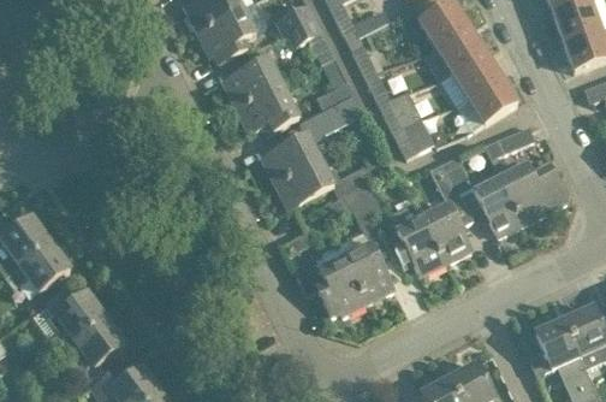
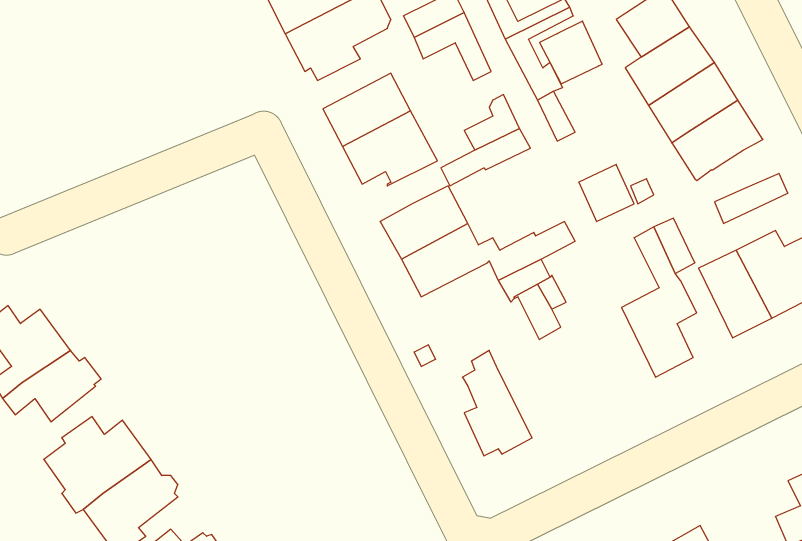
building: [379,89,421,131] -> [540,21,602,84]
building: [390,202,445,274] -> none
building: [339,242,393,303] -> none

